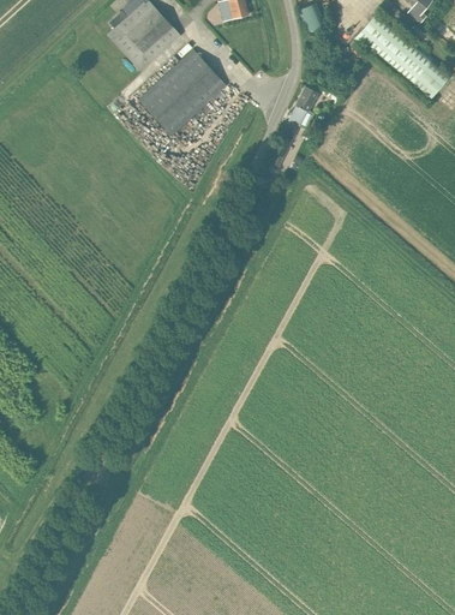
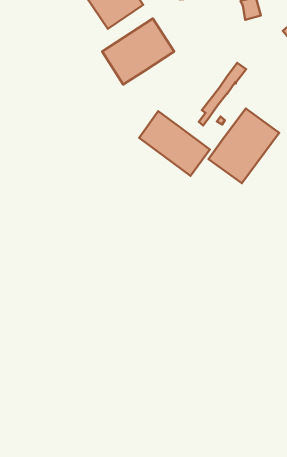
building: none -> [209,108,279,183]
building: none -> [139,111,210,176]

